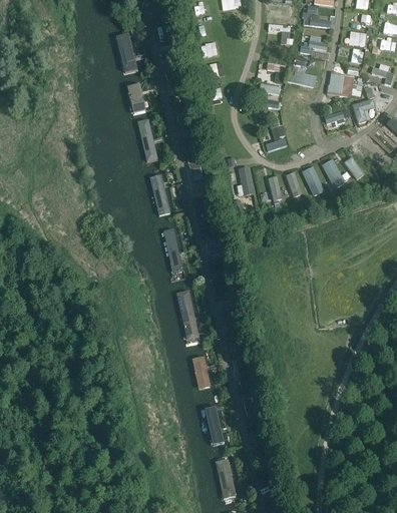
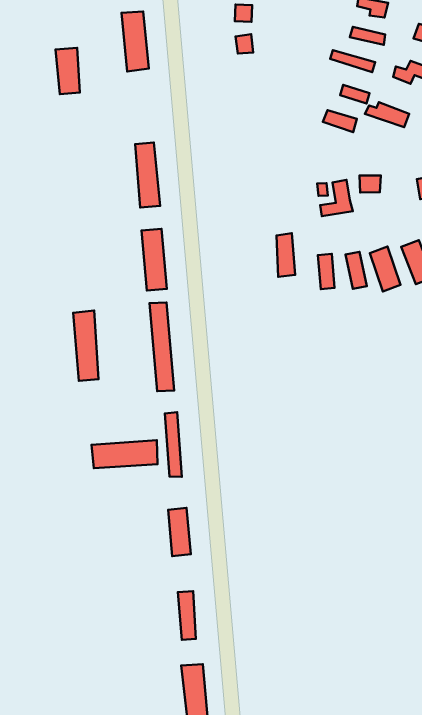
building: [126,83,146,115] -> [56,48,80,94]
building: none -> [73,311,99,381]
building: none -> [92,440,157,468]

